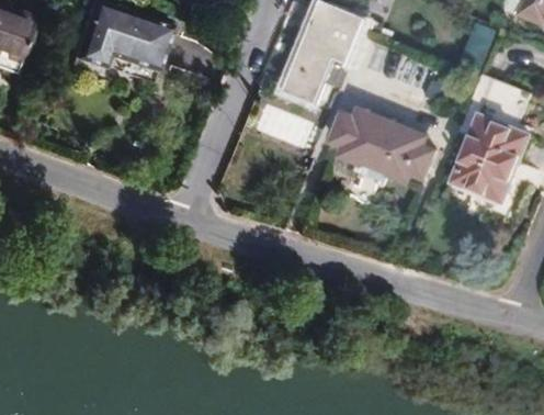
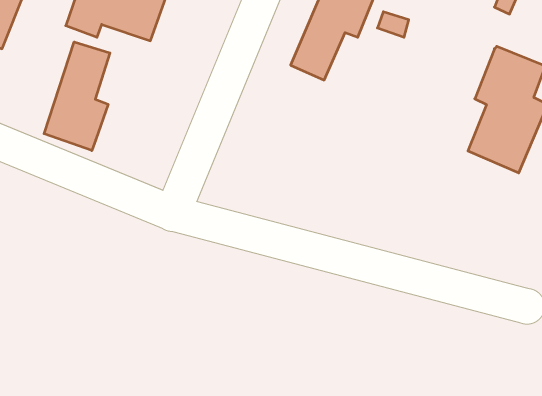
building: none -> [44,42,110,151]
building: [333,110,433,186] -> none

